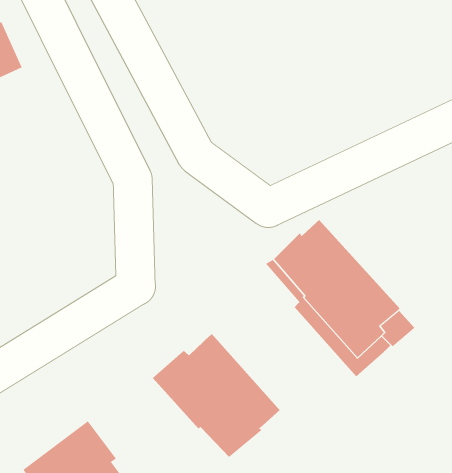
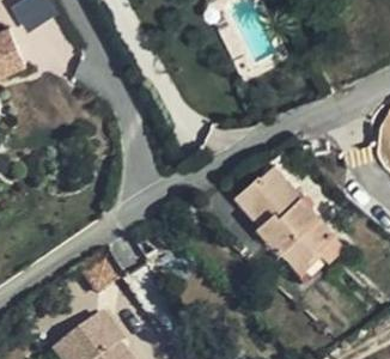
building: [152,333,280,458] -> none

